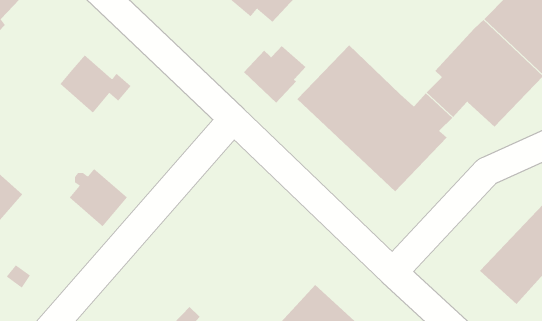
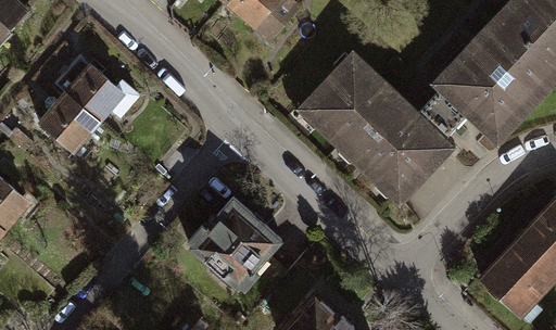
building: [243,45,306,103] -> none
building: [69,168,128,227] -> [38,93,97,152]
building: none -> [188,198,280,290]

